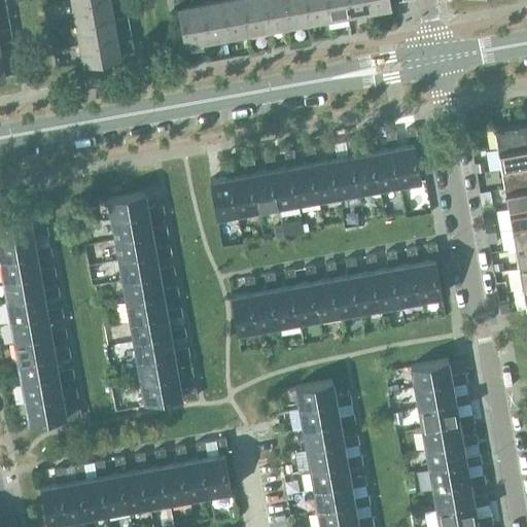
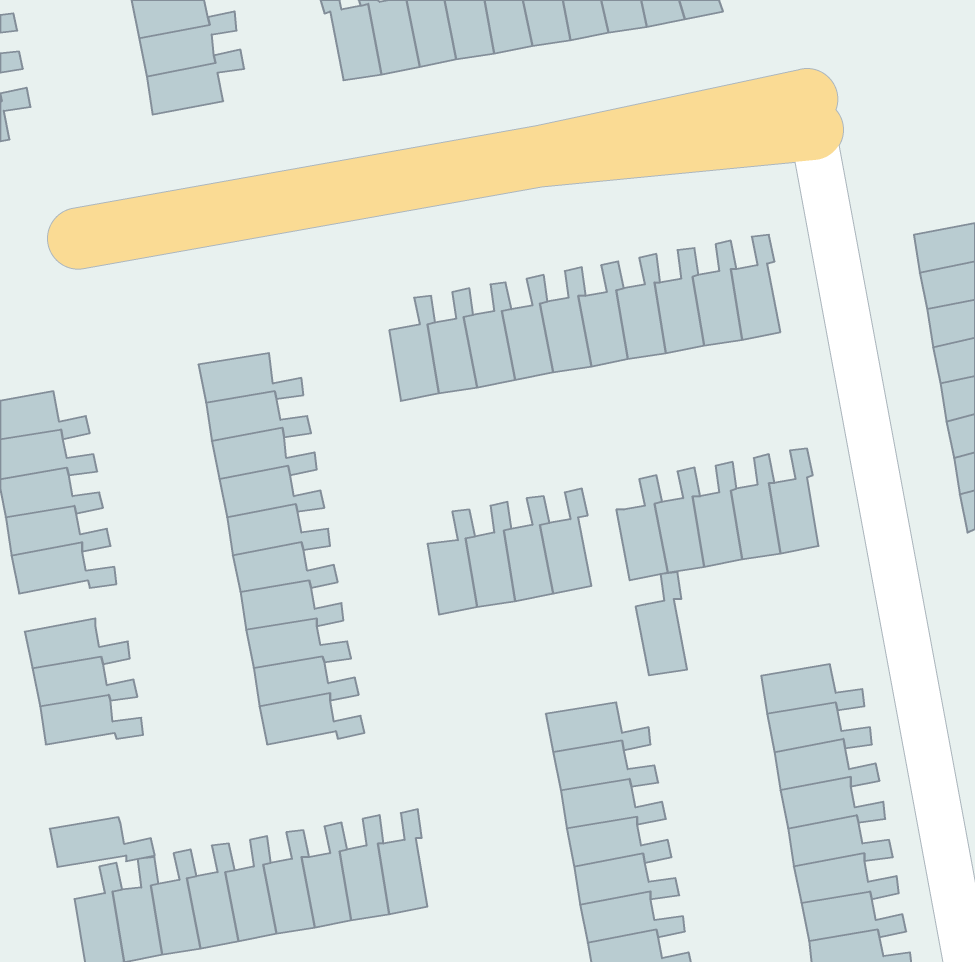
building: [312,268,340,323] -> [636,572,687,675]
building: [10,320,67,348] -> none
building: [25,402,81,429] -> [50,817,155,867]

